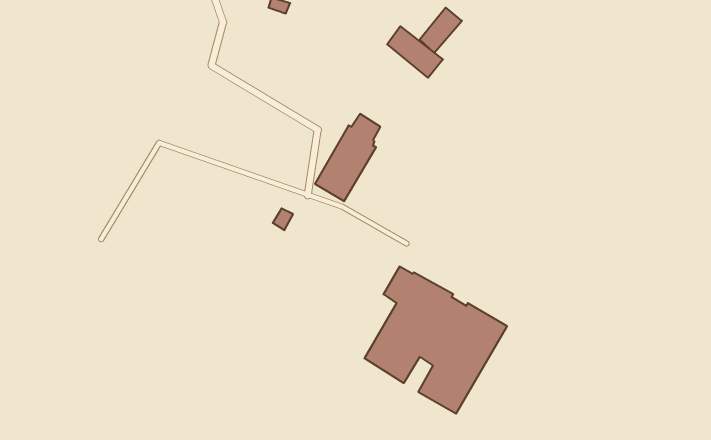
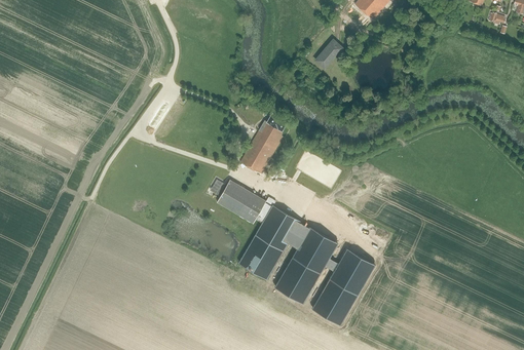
building: [387,26,443,78] -> none
building: none -> [217,180,300,278]

